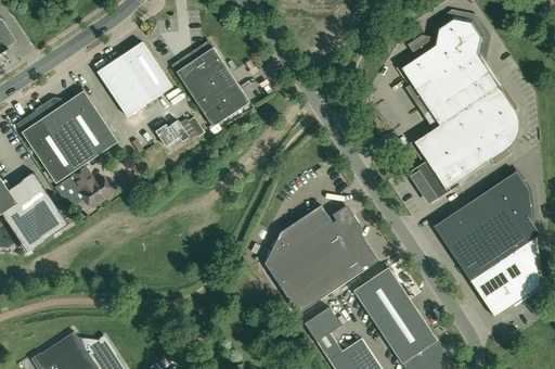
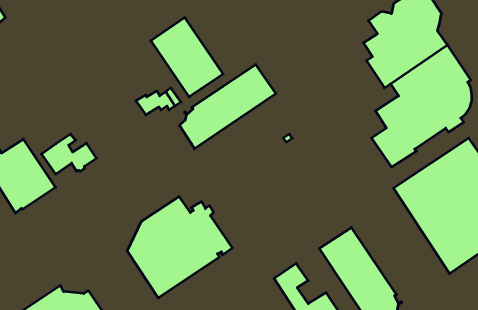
building: [96,42,172,117] -> none
building: [15,91,117,183] -> none
building: none -> [180,64,276,149]
building: [264,205,378,315] -> [127,197,232,298]

